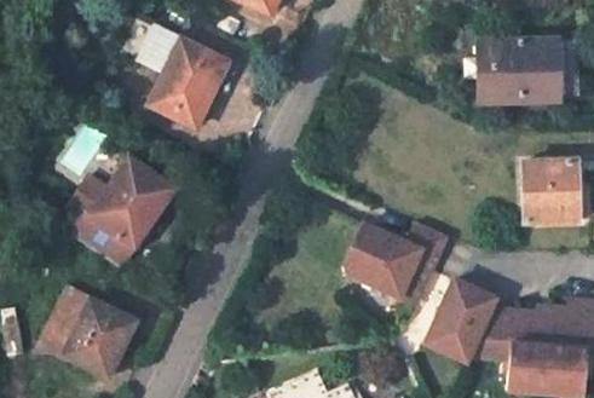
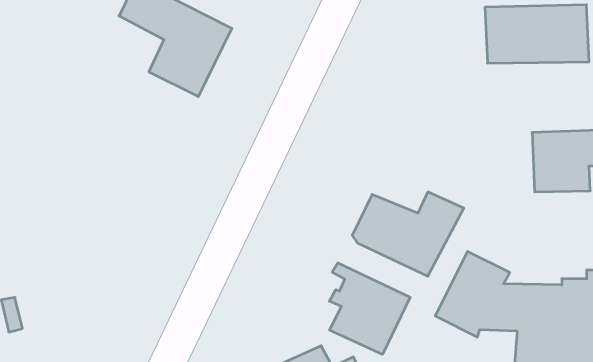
building: [65,160,172,271] -> none
building: [42,290,134,377] -> none
building: none -> [329,263,410,354]

